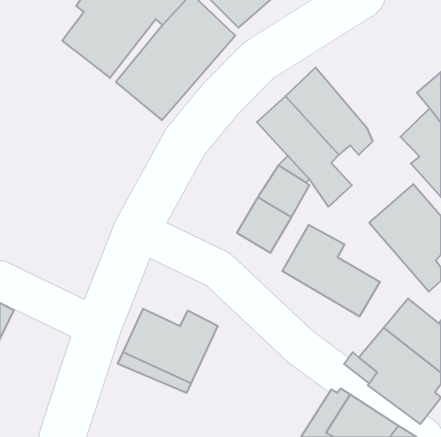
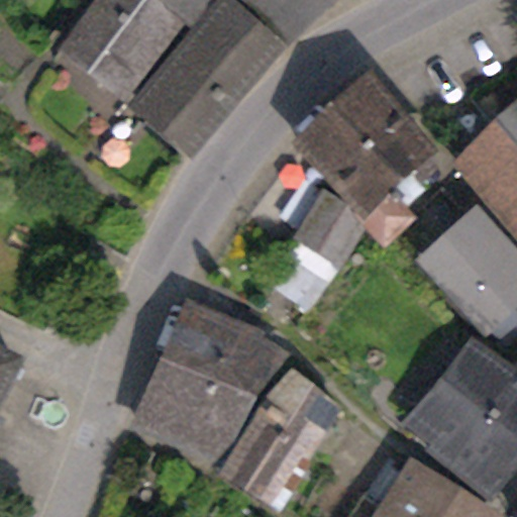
building: [282,225,380,316] -> none
building: none -> [167,310,282,383]
building: none -> [227,375,336,500]

